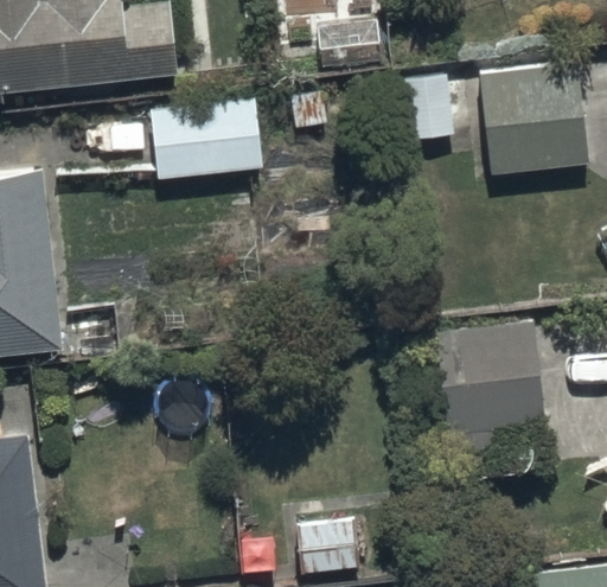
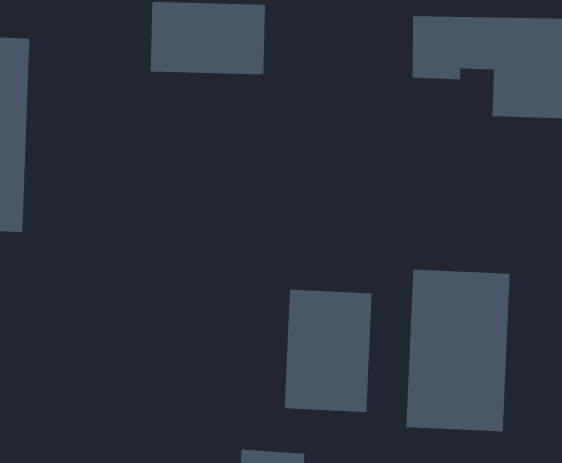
building: none -> [284,289,372,413]

